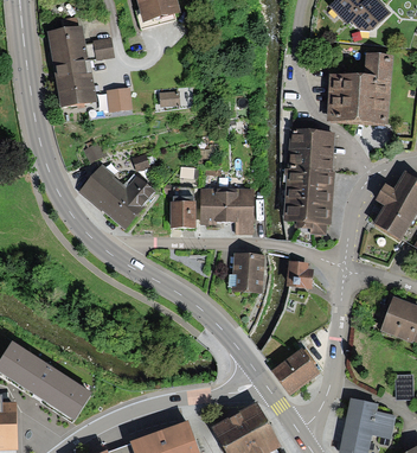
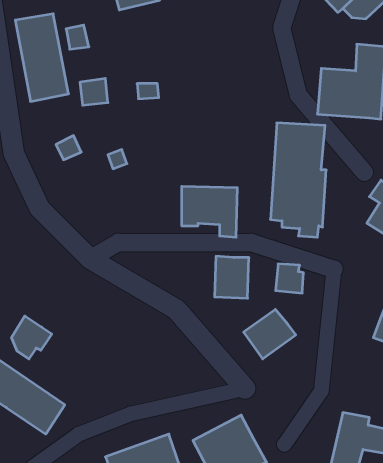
building: [78,166,156,230] -> none
building: [171,199,195,230] -> none
building: none -> [12,316,52,359]
building: [270,347,319,394] -> [244,309,296,359]

